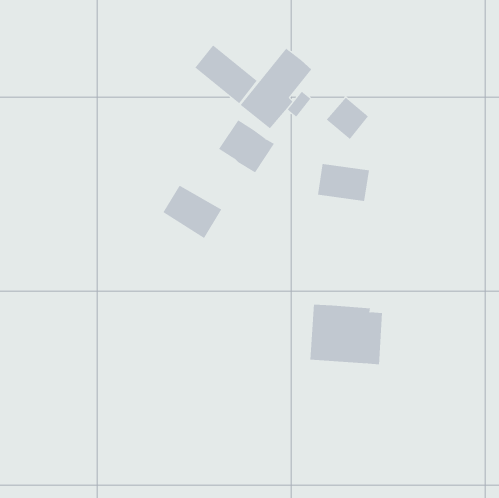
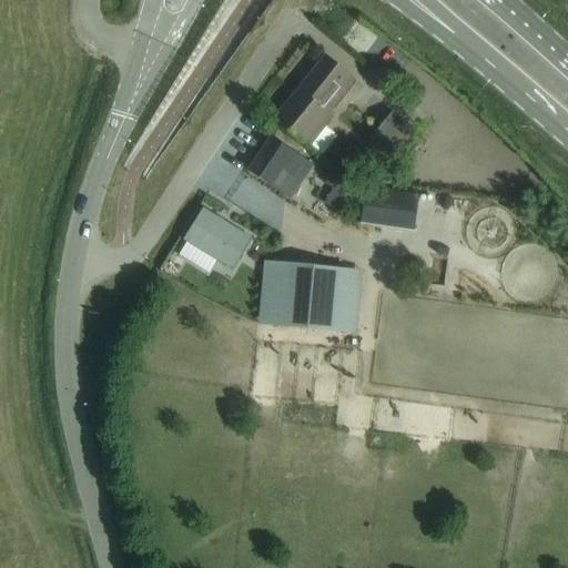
building: [195,44,258,104] -> none
building: [309,304,383,365] -> [268,261,352,329]

